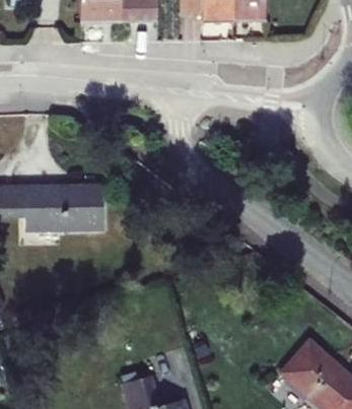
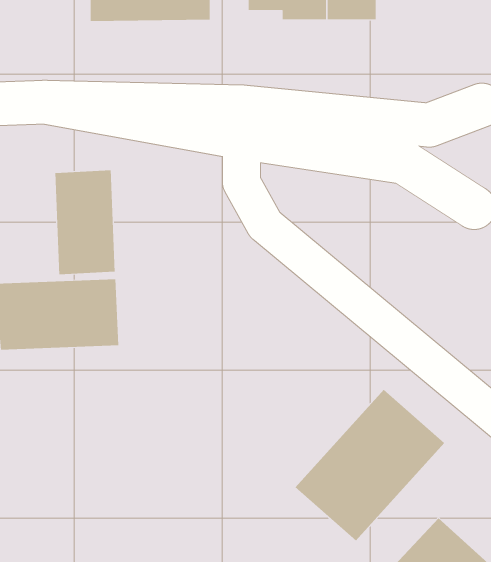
building: none -> [55,169,115,275]
building: none -> [294,389,445,542]

